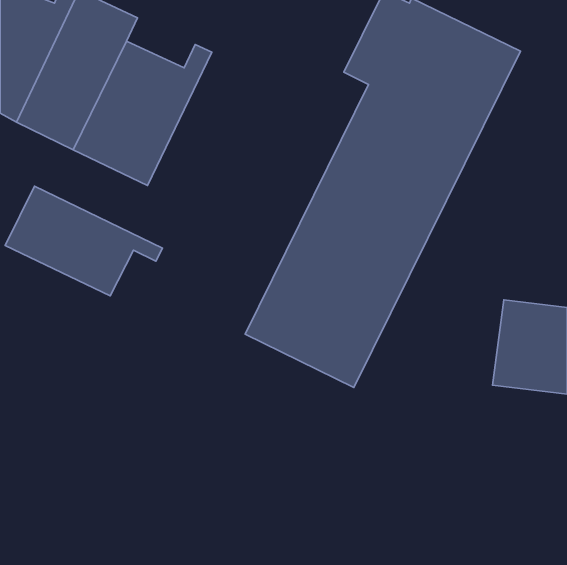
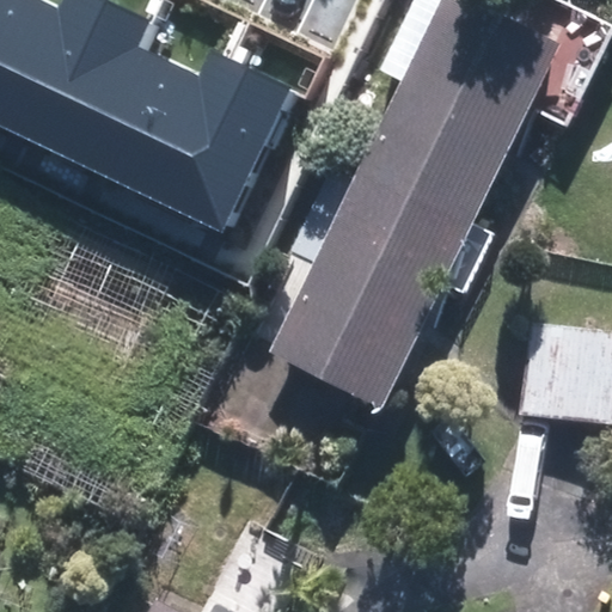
building: none -> [159,56,292,230]
building: [5,186,162,296] -> none

